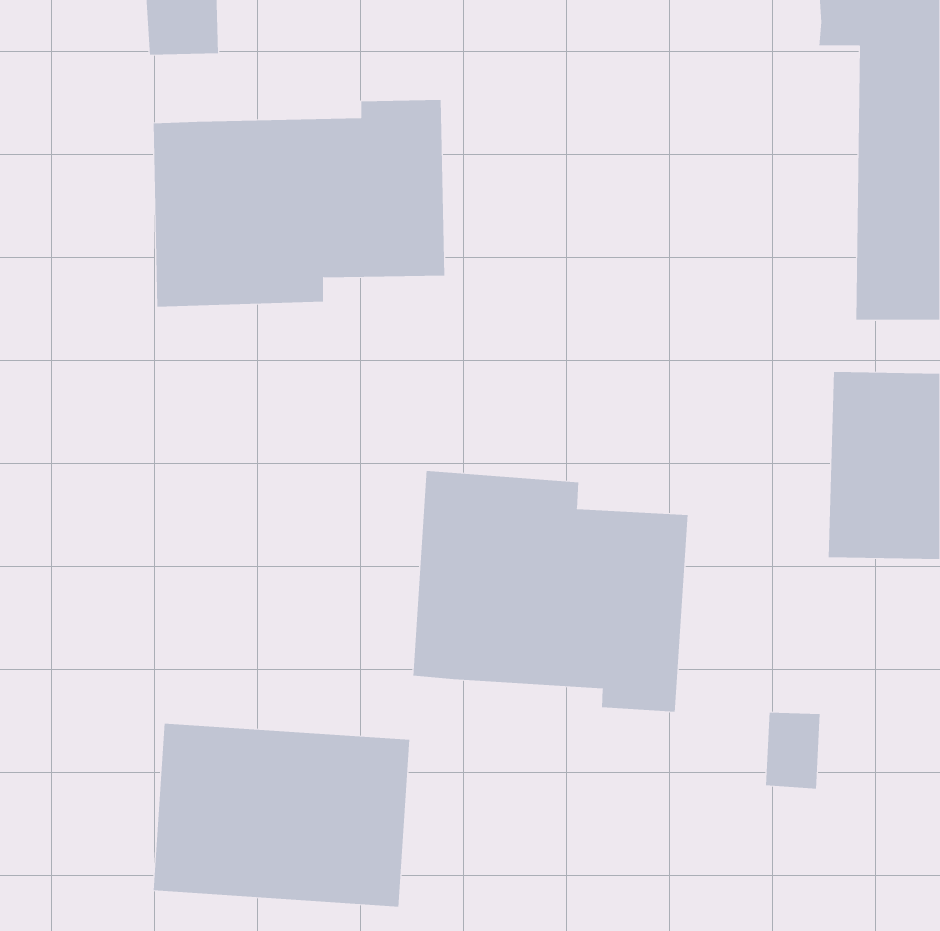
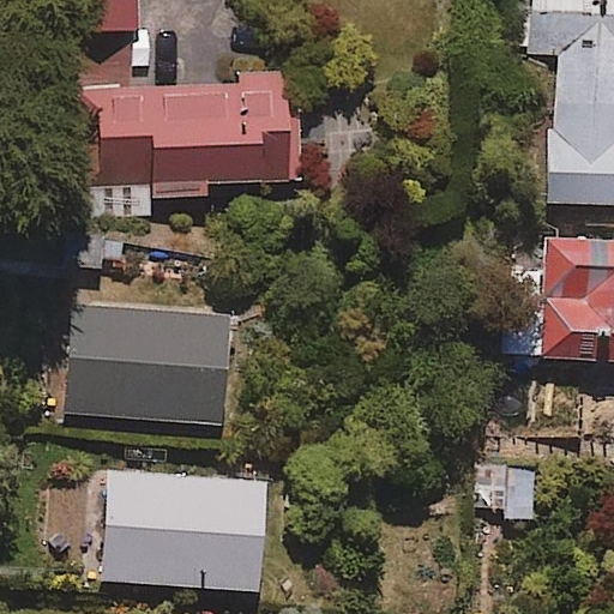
building: none -> [65,300,231,425]
building: [413,470,688,712] -> none

